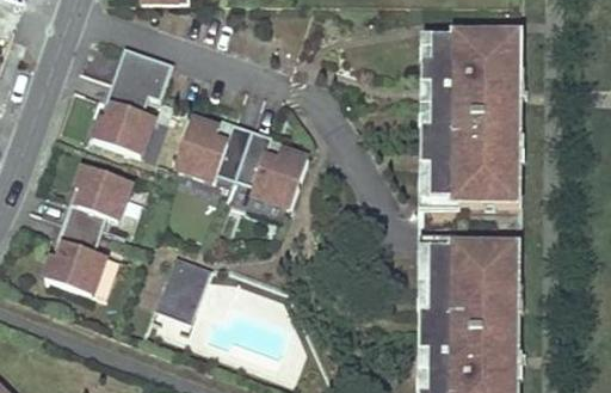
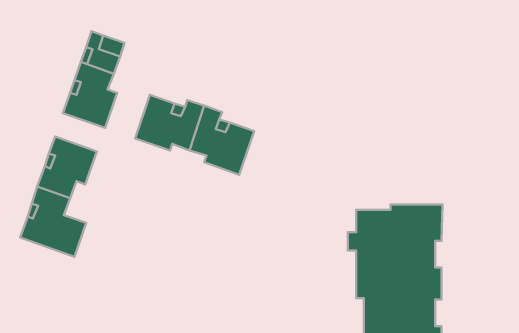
building: [414,33,520,202] -> none
building: [156,254,214,321] -> none

